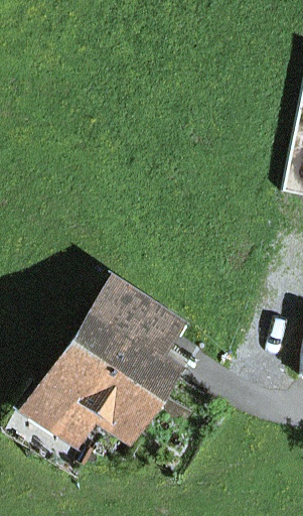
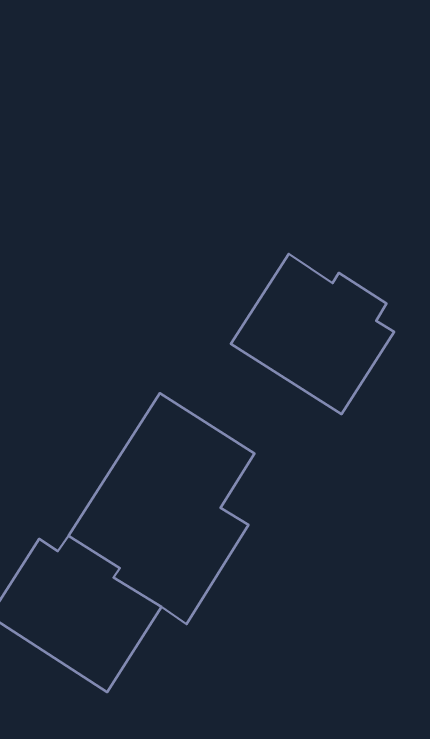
building: none -> [231,254,394,414]

